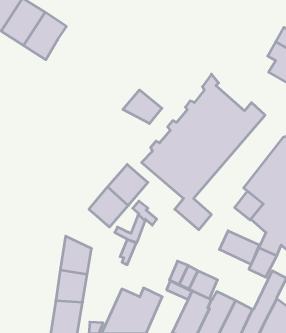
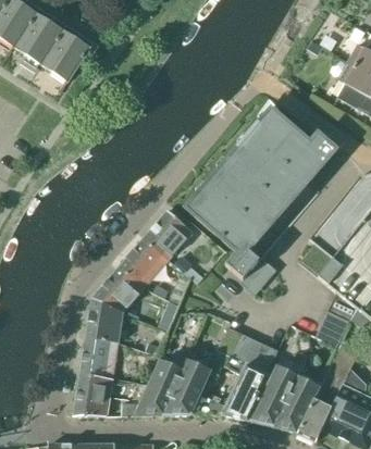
building: [123,90,162,124] -> none
building: none -> [92,264,146,312]
building: [219,231,259,265] -> none

